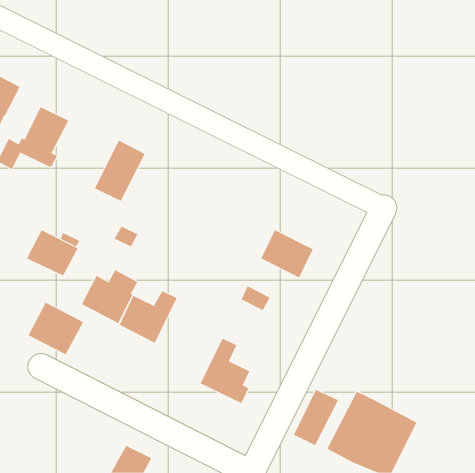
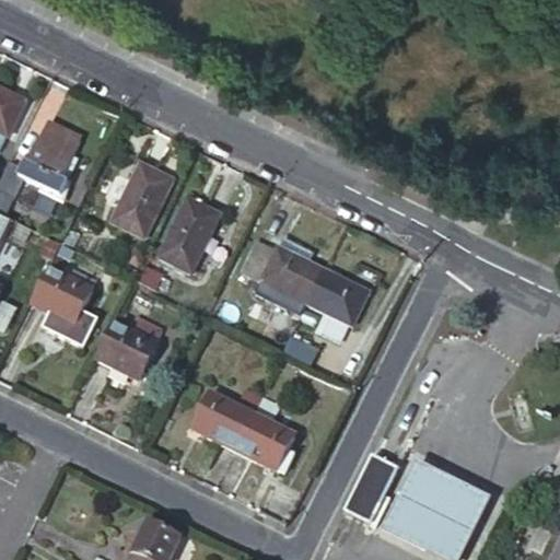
building: none -> [158,199,218,271]
building: none -> [241,237,322,313]
building: [119,290,178,344] -> [191,387,260,450]
building: [28,302,84,355] -> none

